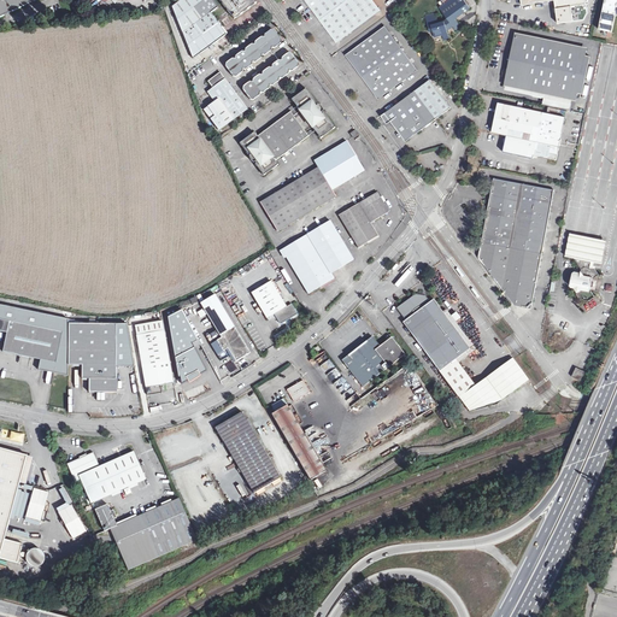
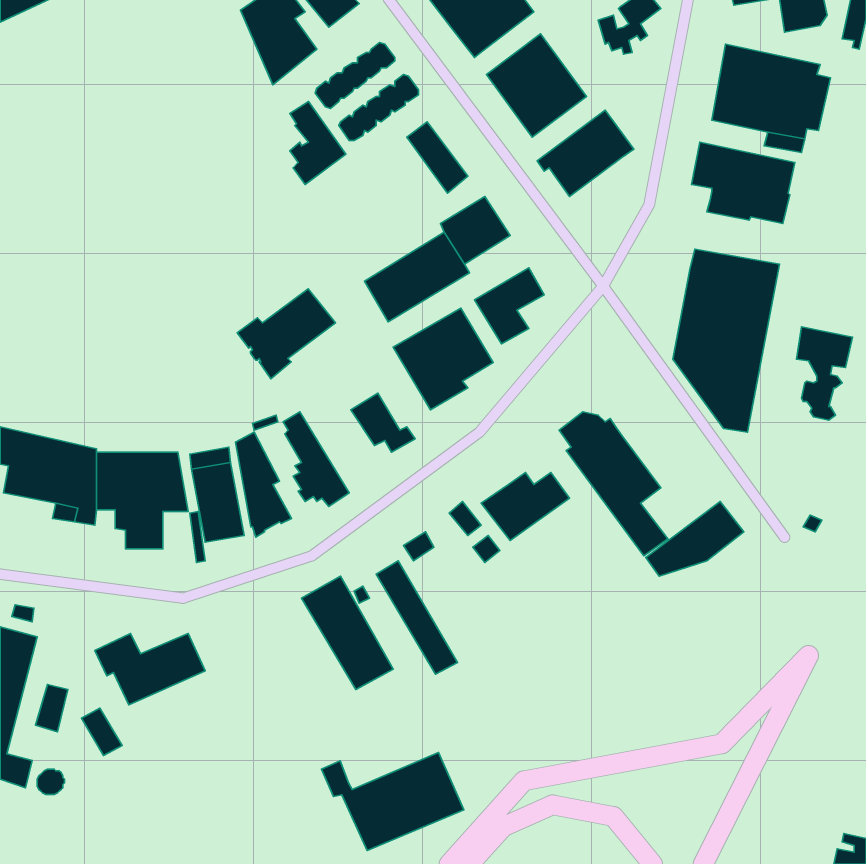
building: [237,111,307,175] -> [237,289,335,379]
building: [95,496,196,566] -> [322,752,464,851]

